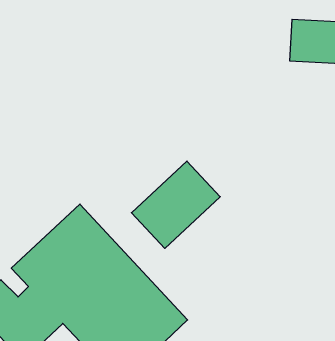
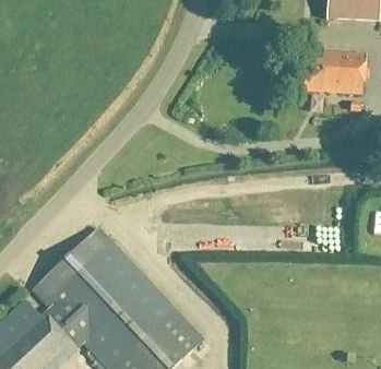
building: [131,161,220,248] -> none

